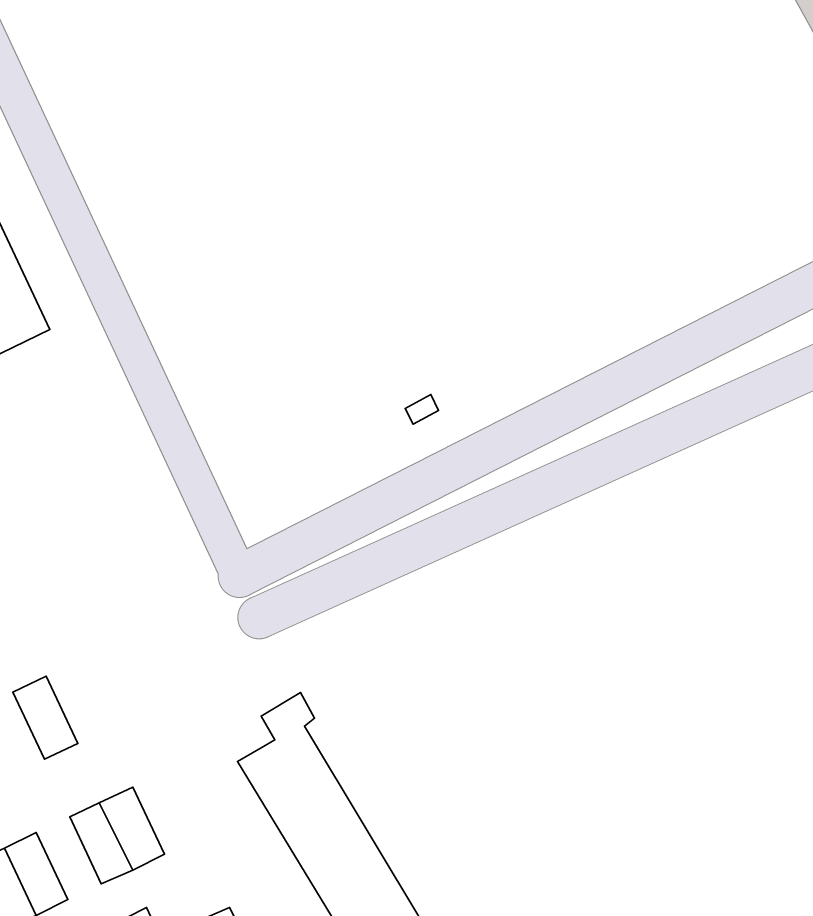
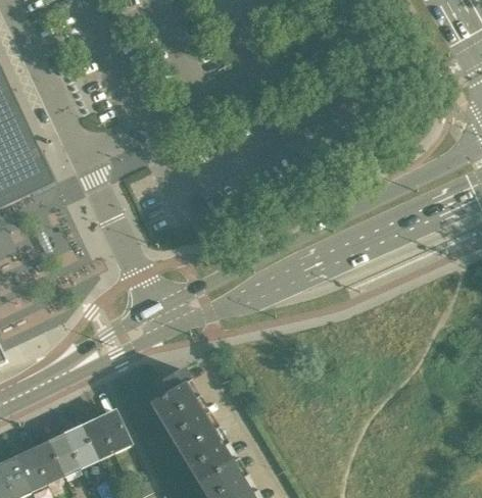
building: [13,676,78,759] -> [47,433,81,476]
building: none -> [97,409,131,452]

